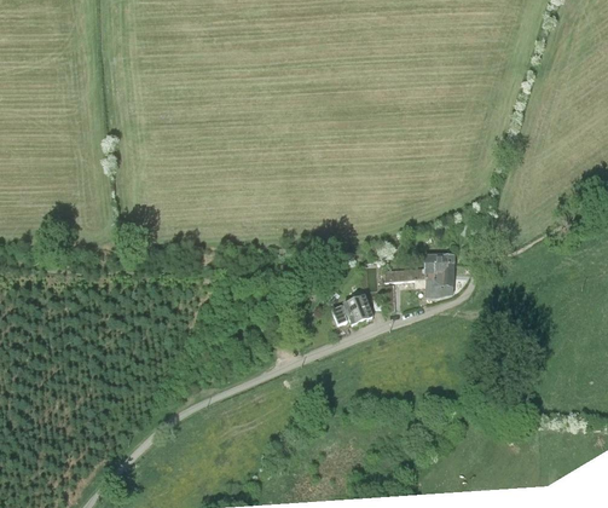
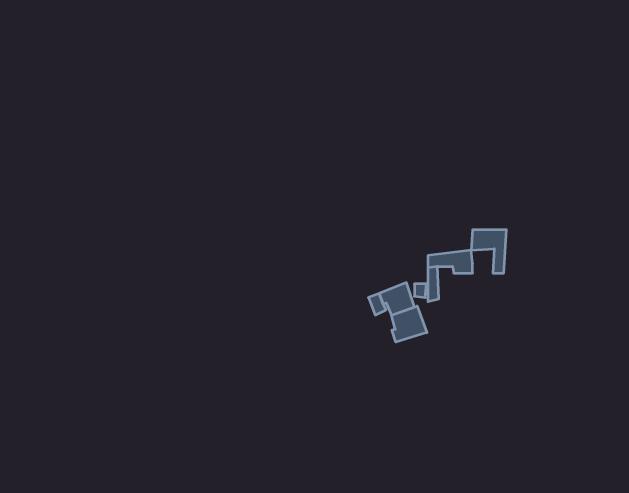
building: [424,264,453,298] -> none
building: none -> [392,306,427,342]

